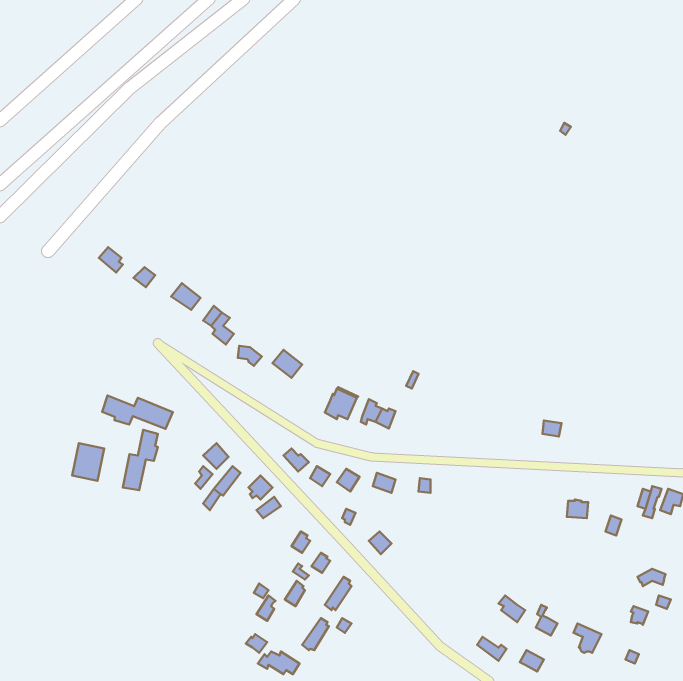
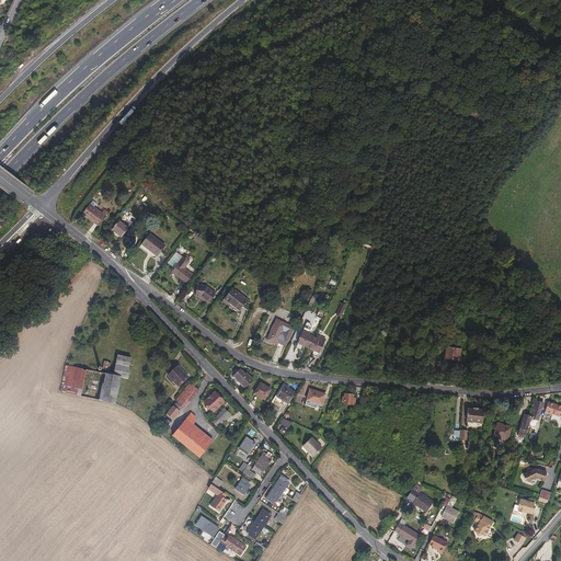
building: [102,396,173,429] -> none
building: none -> [172,413,211,457]

